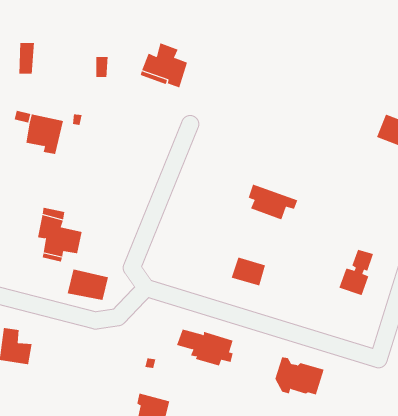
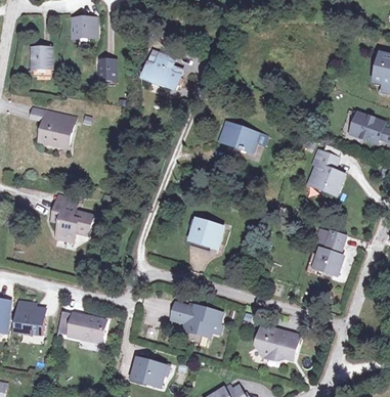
building: none -> [72,21,97,41]
building: none -> [308,151,343,193]
building: [248,184,298,220] -> [221,122,265,153]
building: [231,257,266,286] -> [190,221,221,247]
building: [67,269,109,300] -> [72,313,109,341]

